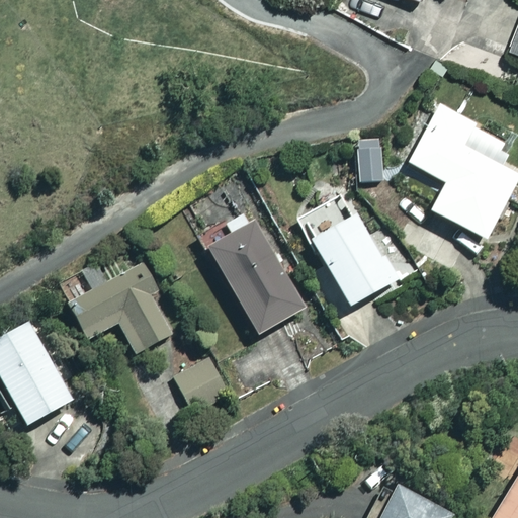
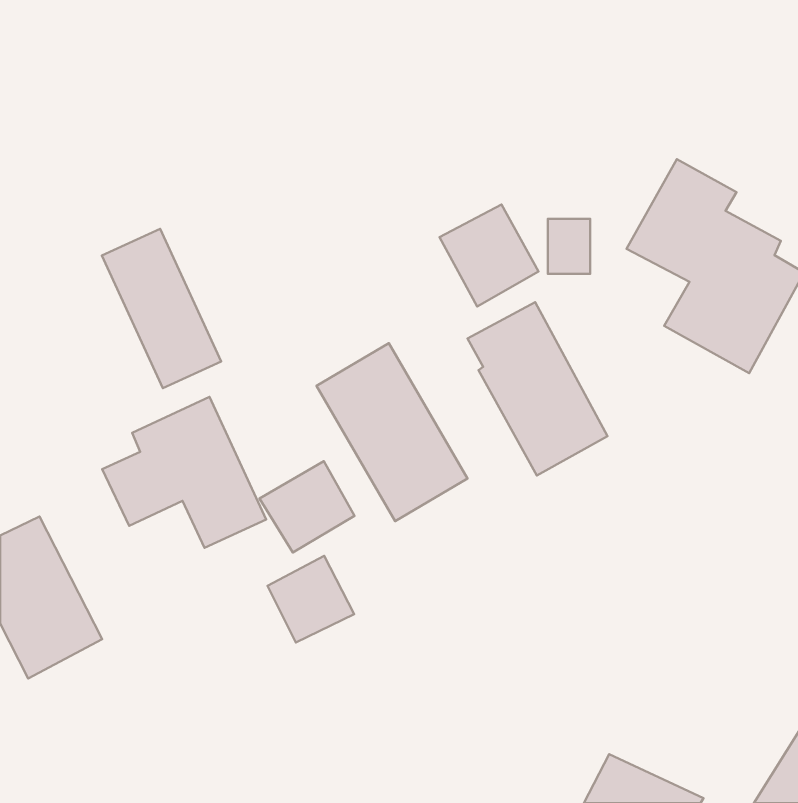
building: none -> [440,205,539,307]
building: none -> [102,229,221,388]
building: none -> [260,461,355,553]

